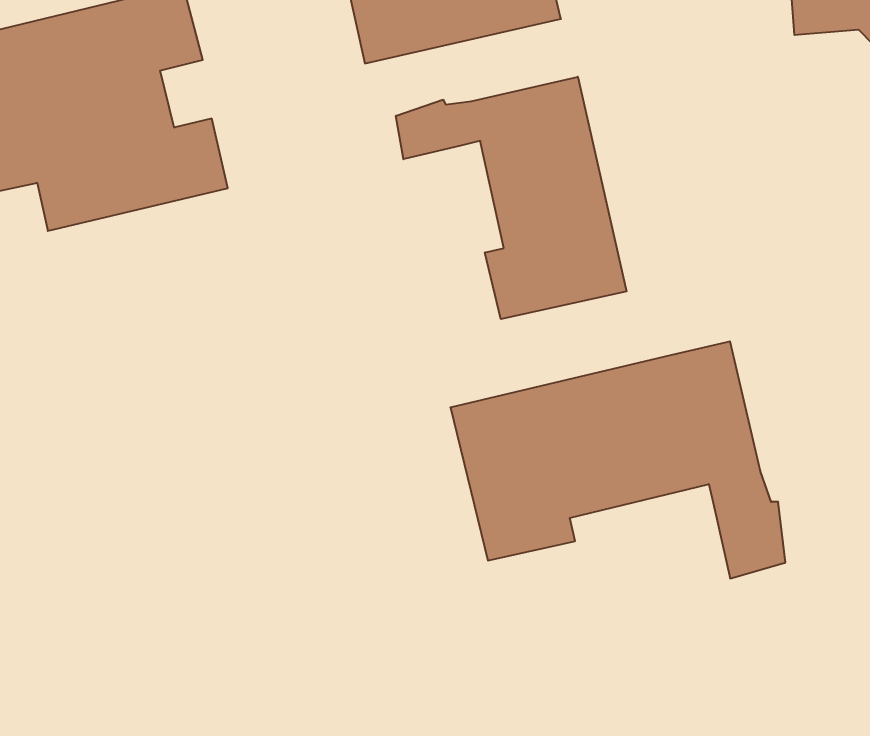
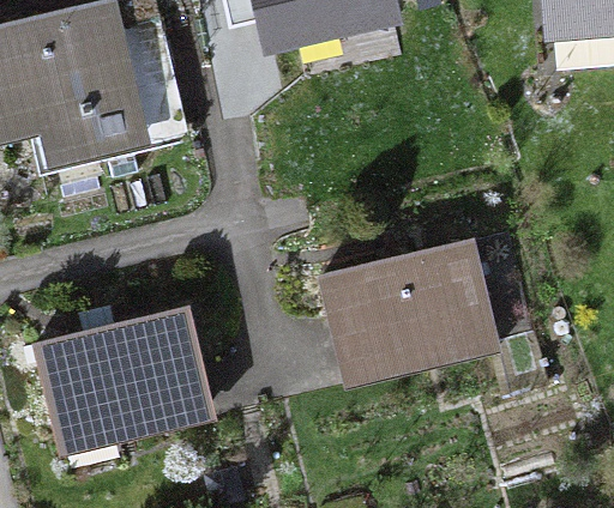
building: [396,77,627,319] -> none
building: none -> [36,315,209,453]

